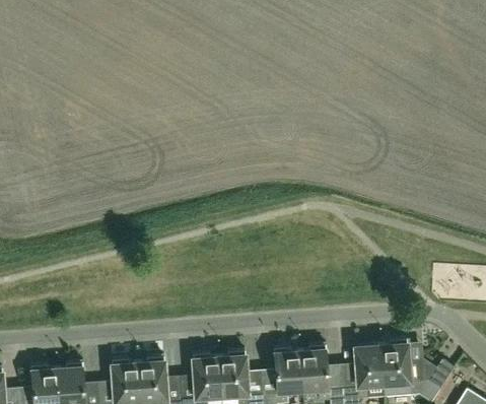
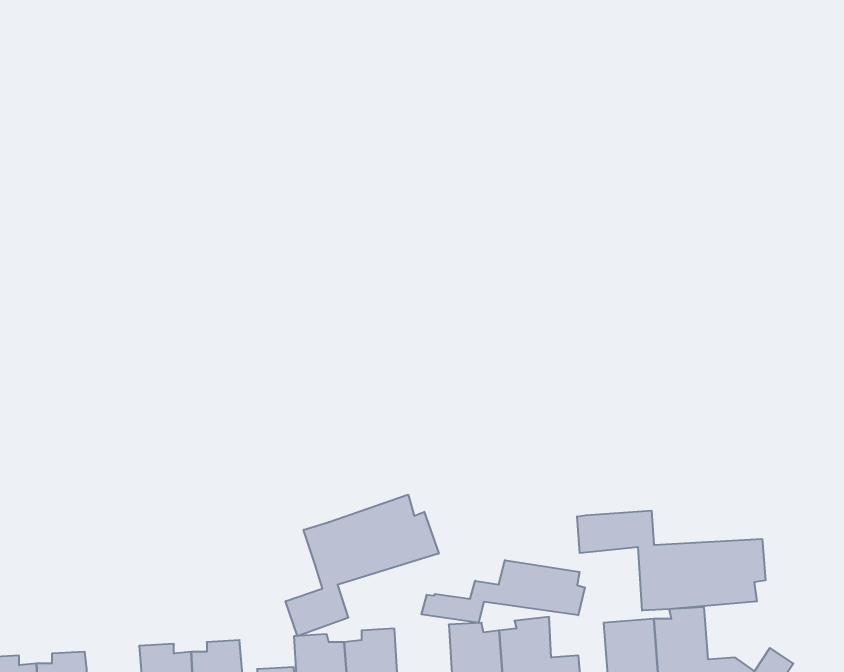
building: none -> [286,495,439,636]
building: none -> [577,511,765,611]
building: none -> [421,560,585,623]

